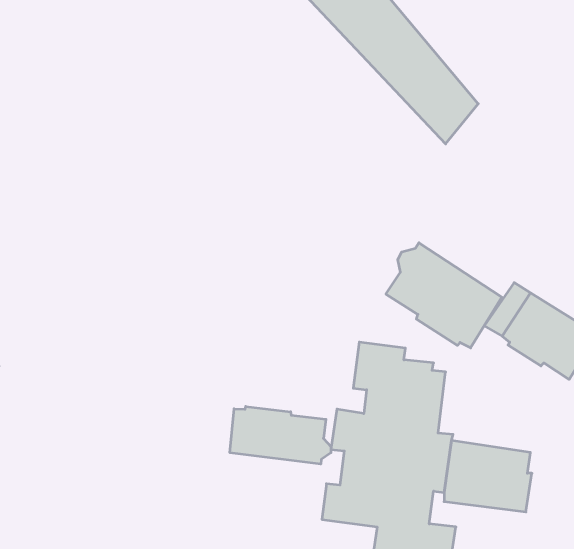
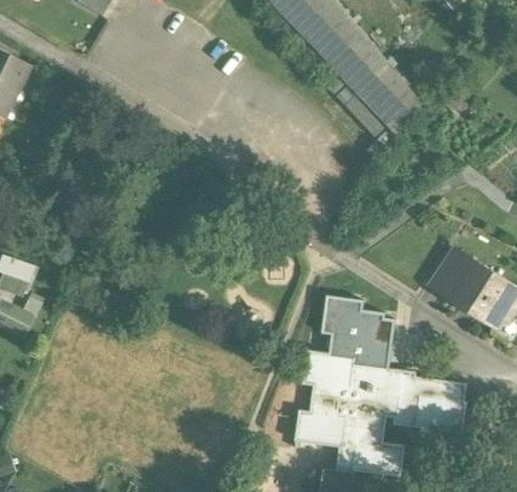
building: [386,243,502,348] -> none
building: [230,406,331,464] -> none

